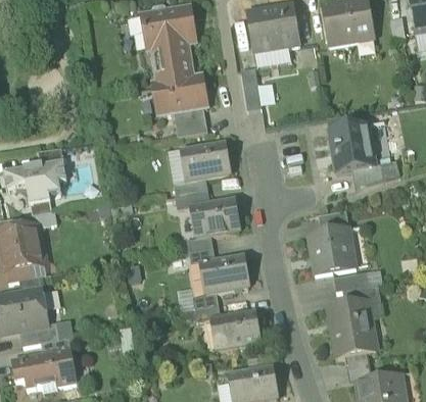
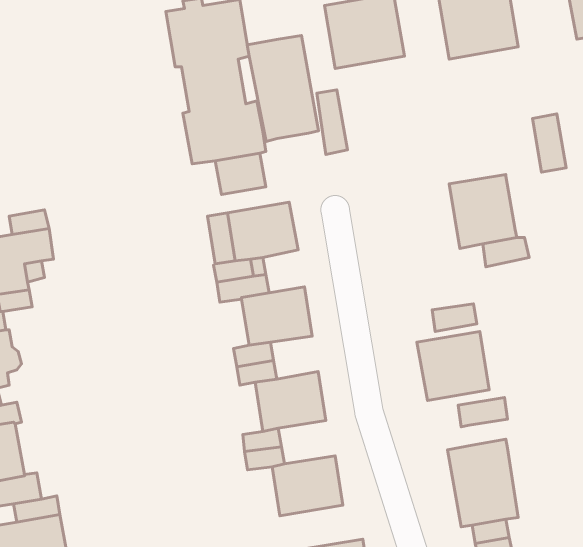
building: none -> [247,35,318,141]
building: [367,121,389,160] -> [532,114,566,172]
building: [342,284,381,305] -> none

